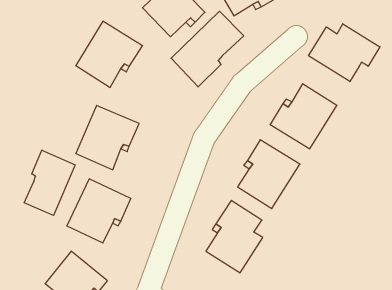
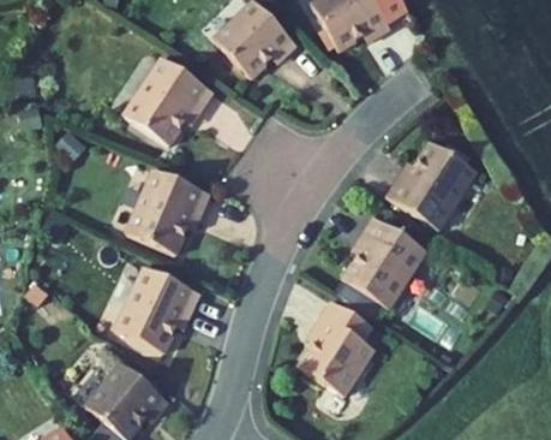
building: [171,11,244,87] -> none
building: [309,24,380,82] -> none
building: [24,150,75,215] -> none

